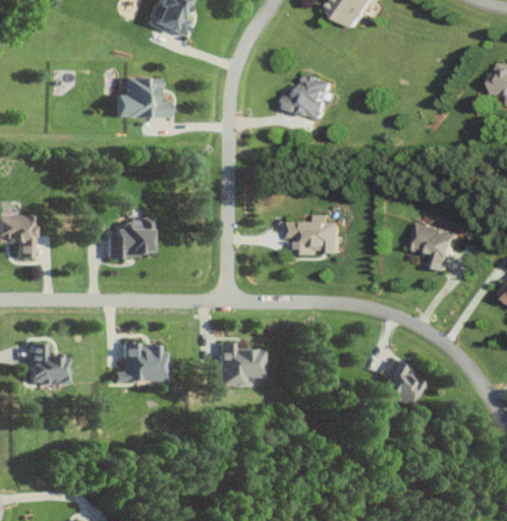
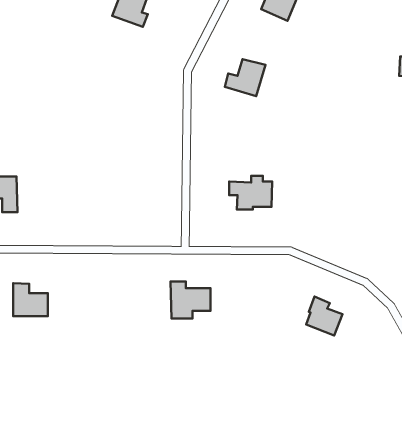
building: [113,77,170,117] -> none
building: [107,218,151,256] -> none
building: [411,222,457,271] -> none
building: [112,343,165,382] -> none

